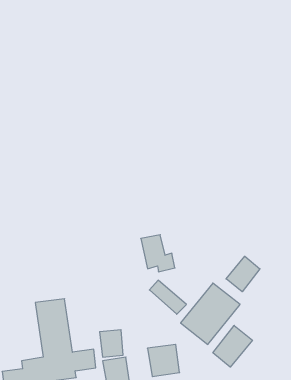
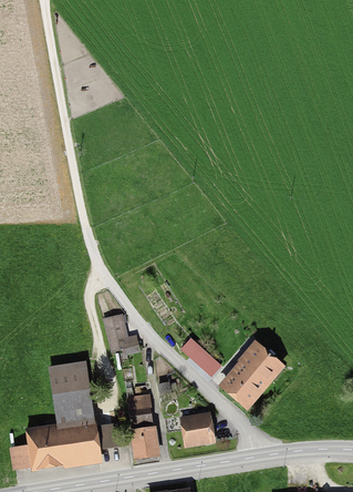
building: [141,235,175,272] -> [102,314,141,356]
building: [226,256,260,292] -> none
building: [213,325,252,367] -> none

